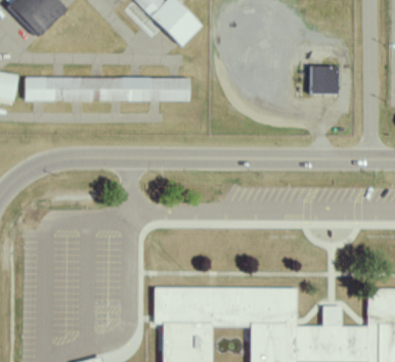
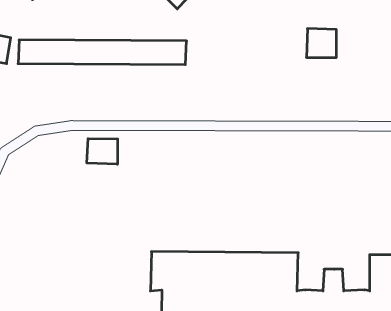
building: none -> [87,139,118,164]

